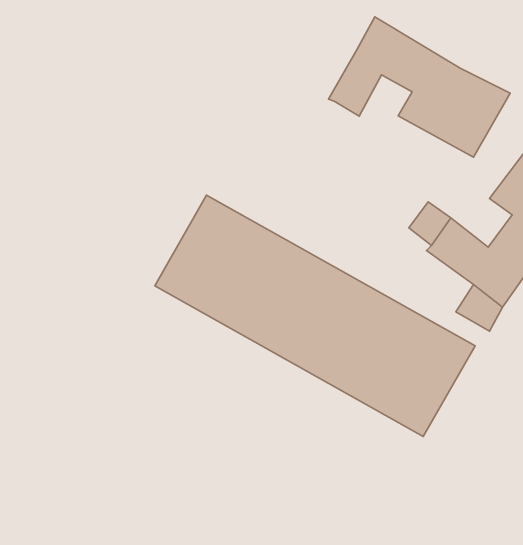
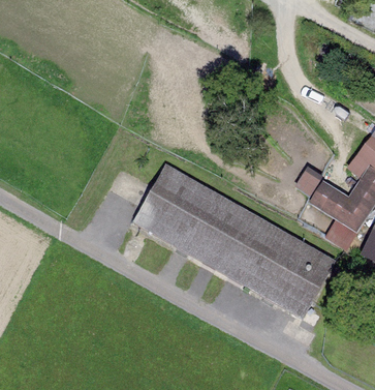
building: [329,17,510,157] -> none

